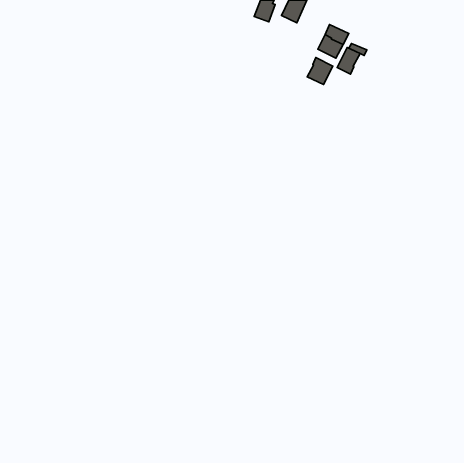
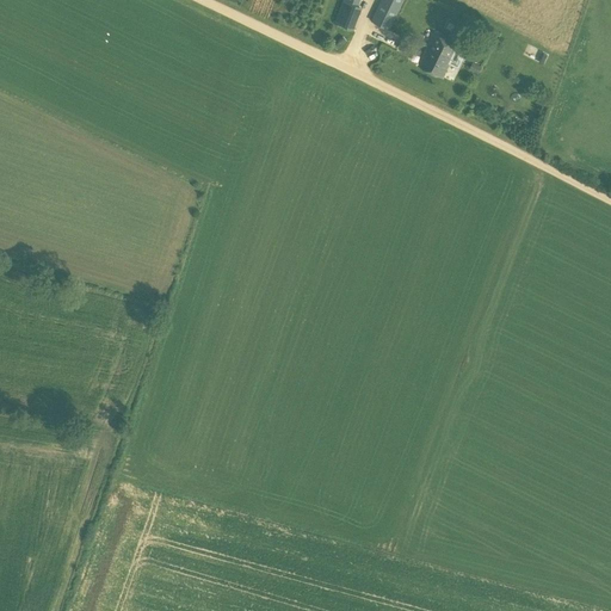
building: [337,48,360,74] -> none
building: [307,58,333,85] -> none

